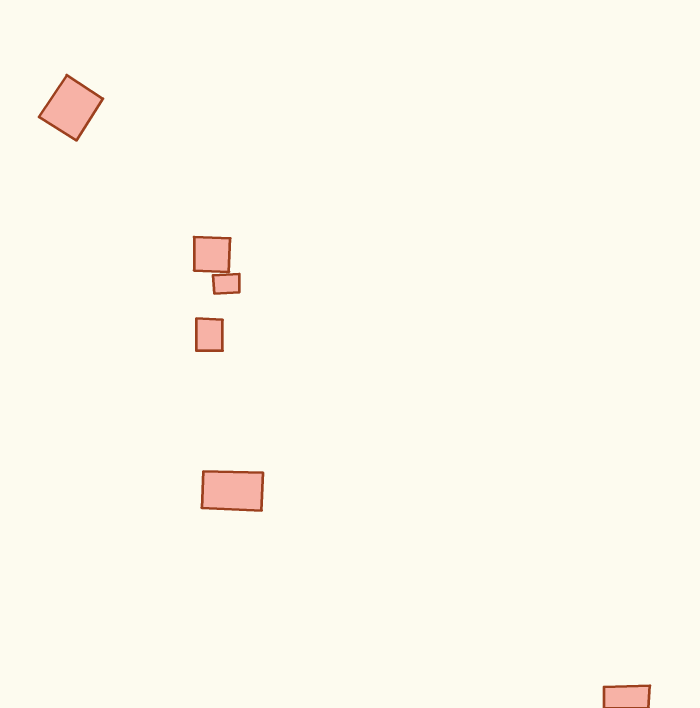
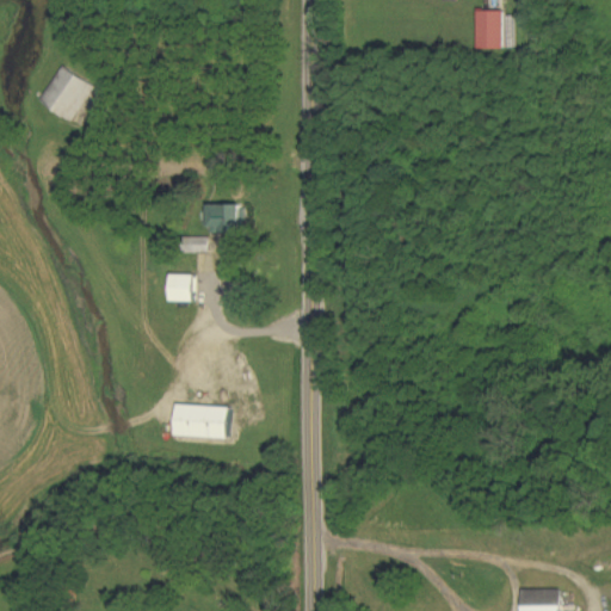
building: none -> [474,10,501,48]
building: [194,237,230,272] -> [206,203,237,233]

